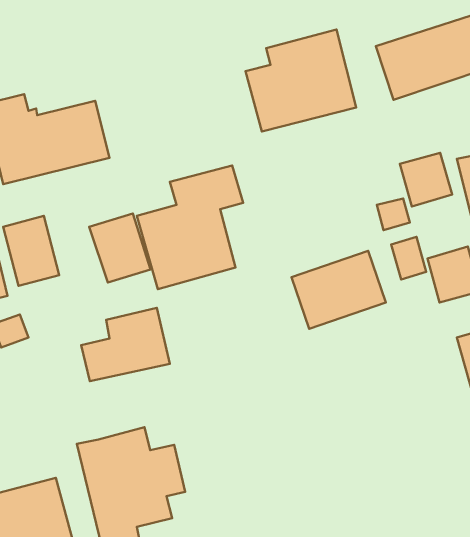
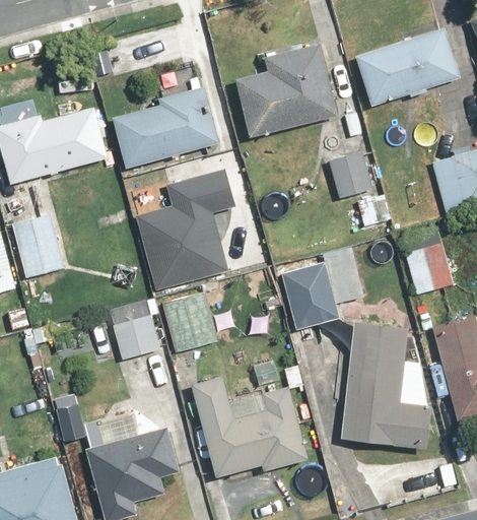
building: none -> [114,84,219,169]
building: [400,153,452,207] -> [325,150,373,200]
building: [89,214,151,283] -> [157,291,214,355]
building: none -> [343,324,432,449]
building: none -> [191,376,312,477]

